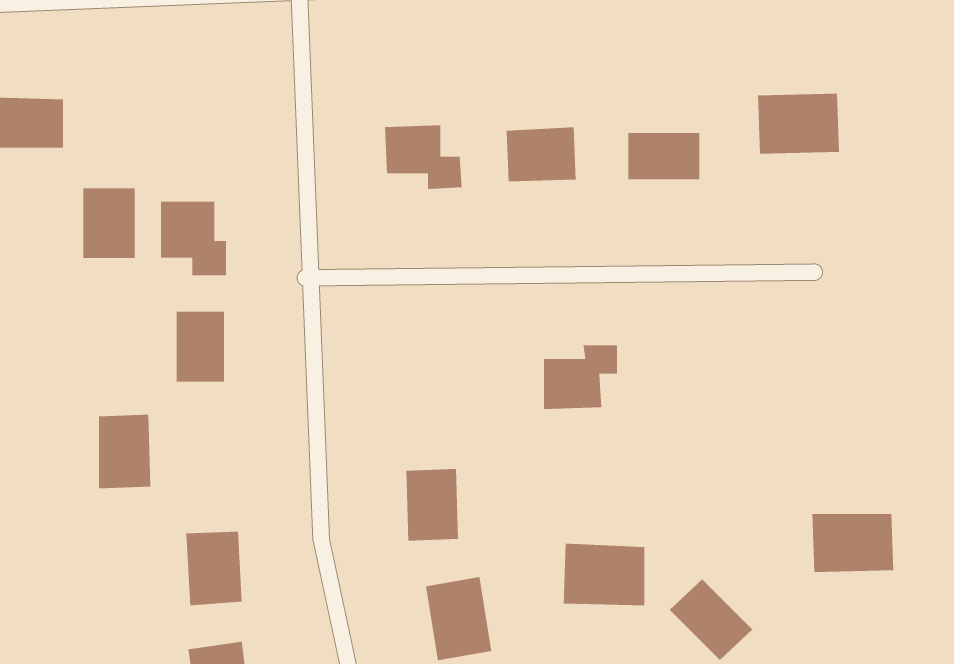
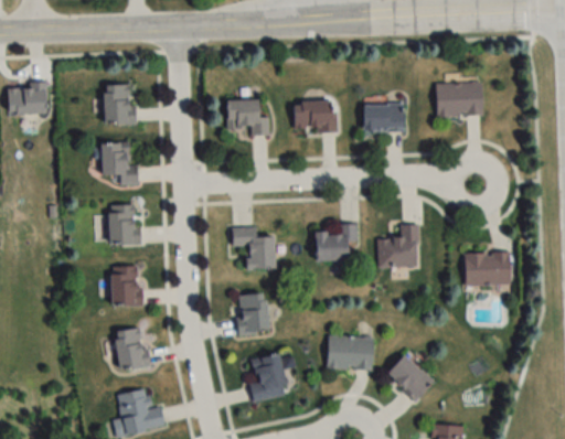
building: [83,188,136,259] -> [104,85,134,125]
building: none -> [379,223,418,265]
building: none -> [231,226,275,268]
building: [98,414,151,489] -> [110,265,140,307]
building: [812,514,894,573] -> [463,251,510,285]

